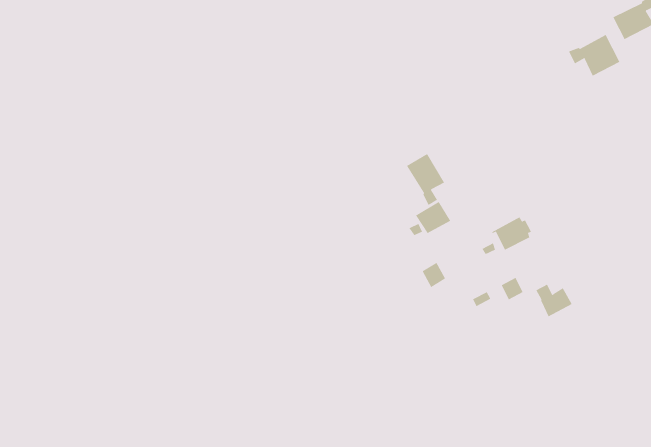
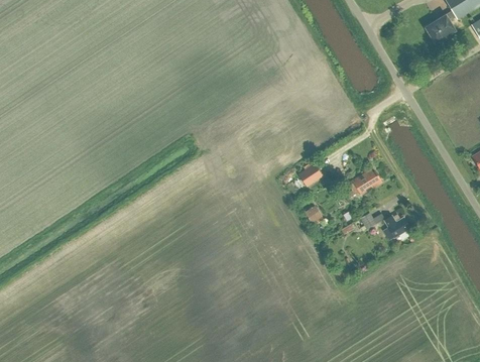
building: [568,34,620,76] -> none
building: [406,153,445,206] -> none

